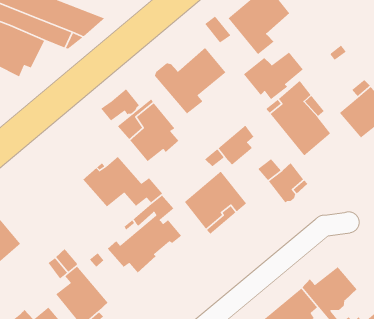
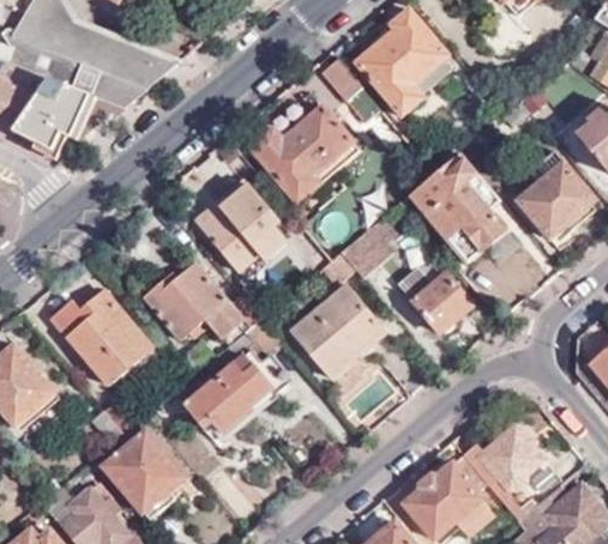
building: [243,51,304,100] -> none
building: [100,88,140,121] -> none
building: none -> [52,291,152,385]

